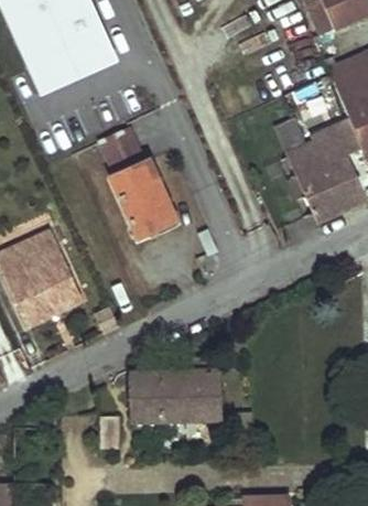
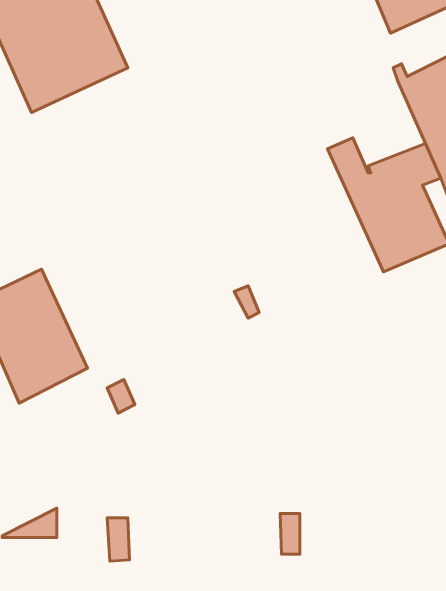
building: [105,130,178,238] -> none
building: [130,372,223,422] -> none

